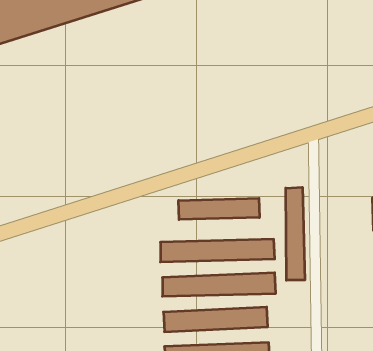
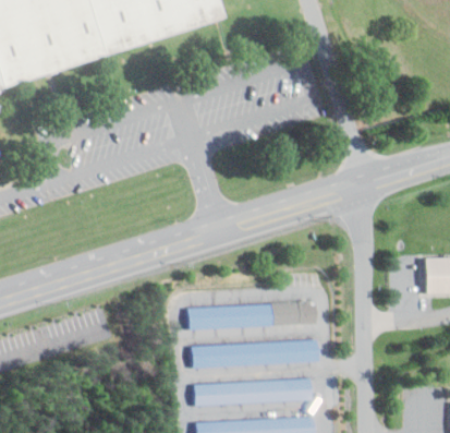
building: [286,187,305,280] -> none
building: [179,198,259,220] -> none

